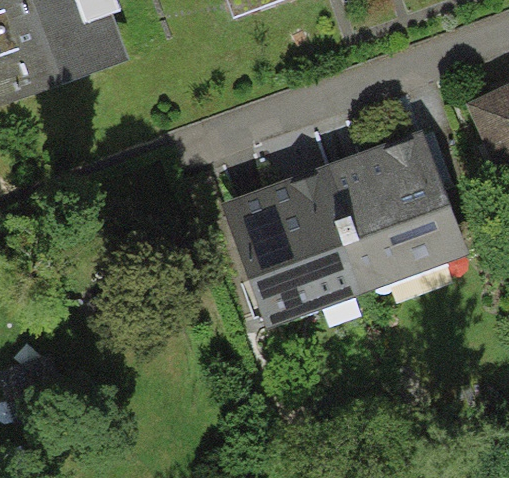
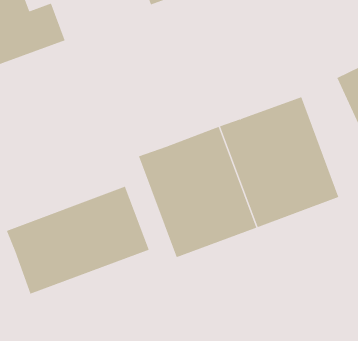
building: none -> [6,186,150,295]

